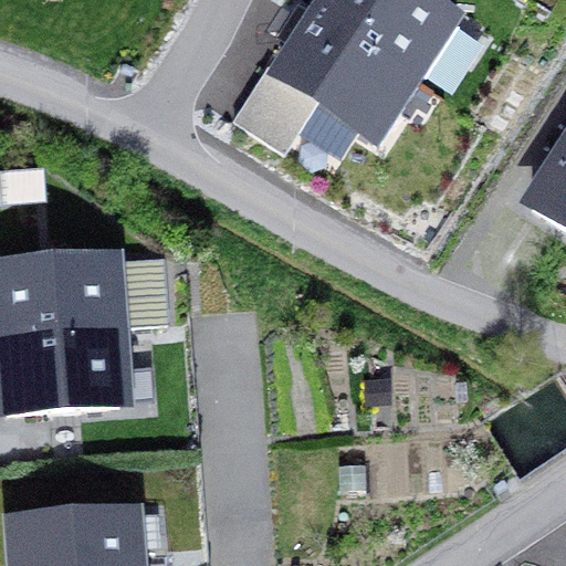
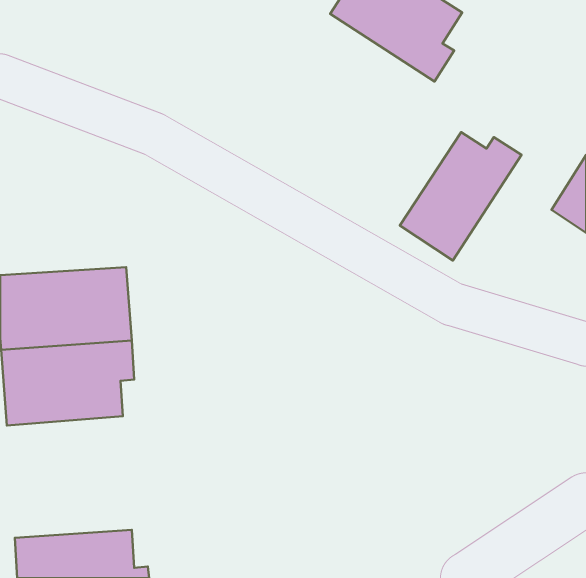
building: [233,13,419,150] -> none
building: none -> [400,132,521,261]

